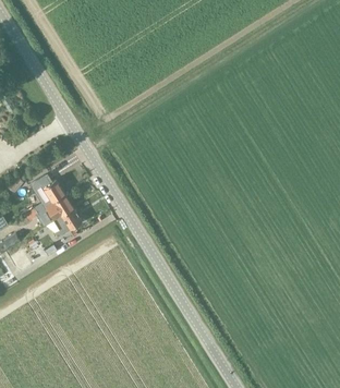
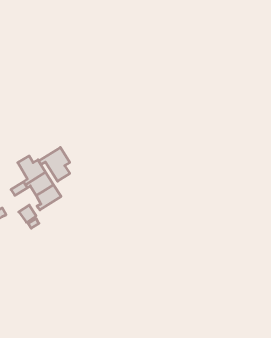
building: none -> [39,147,70,181]

